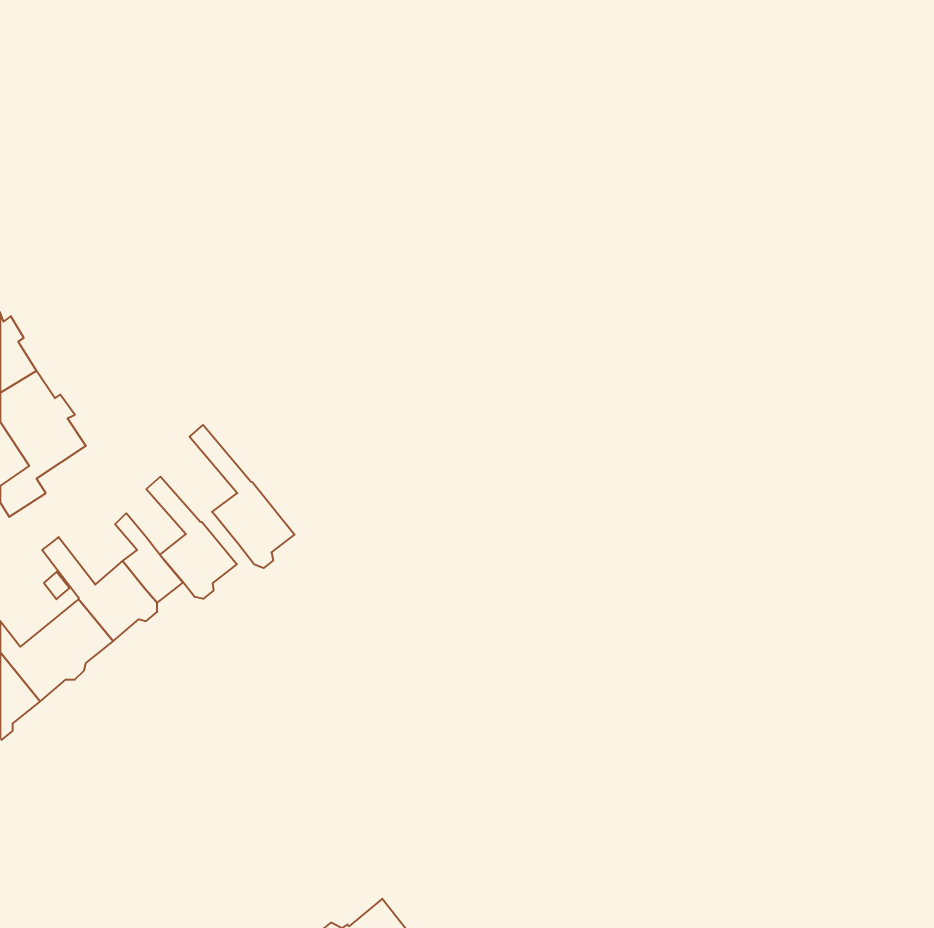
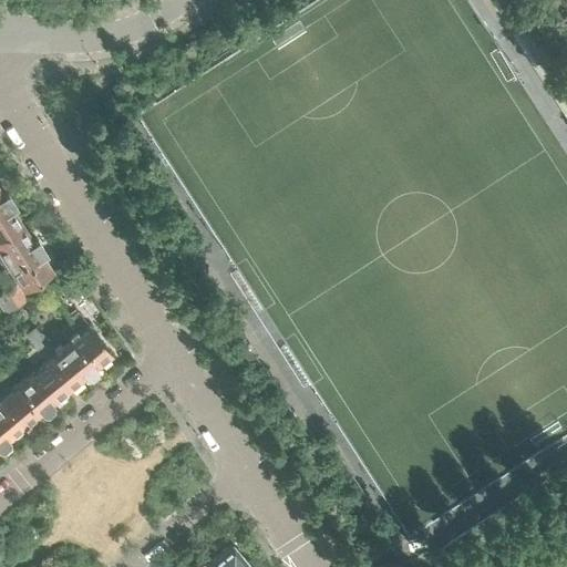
building: [190,425,295,568] -> none
building: [146,477,237,599] -> none

